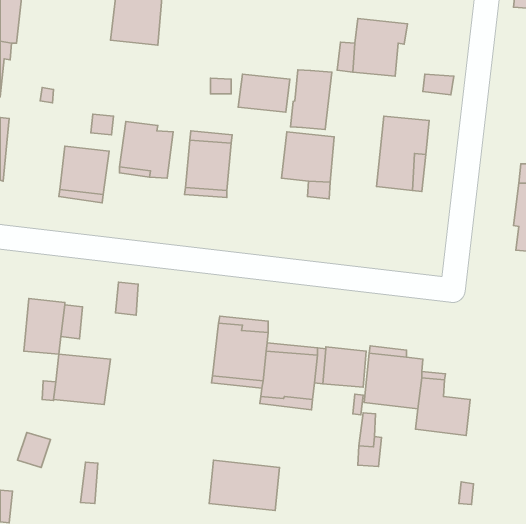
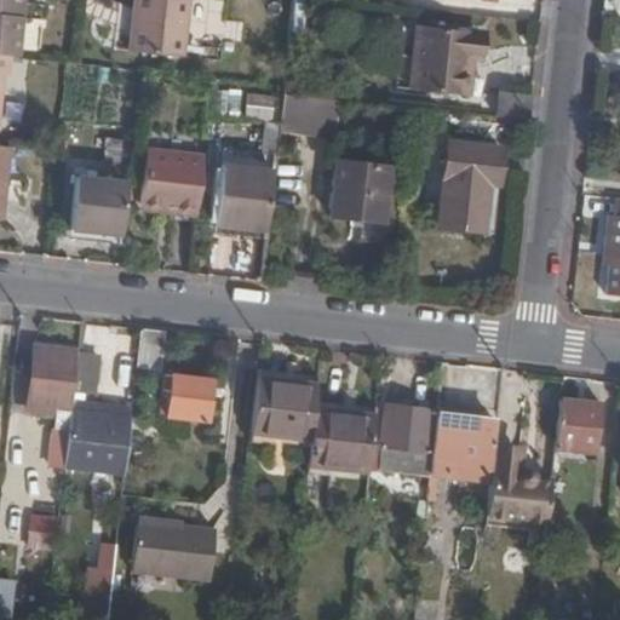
building: [290,70,332,129] -> none
building: none -> [161,375,212,419]
building: none -> [556,402,603,455]
building: [209,460,279,511] -> [132,524,214,584]

